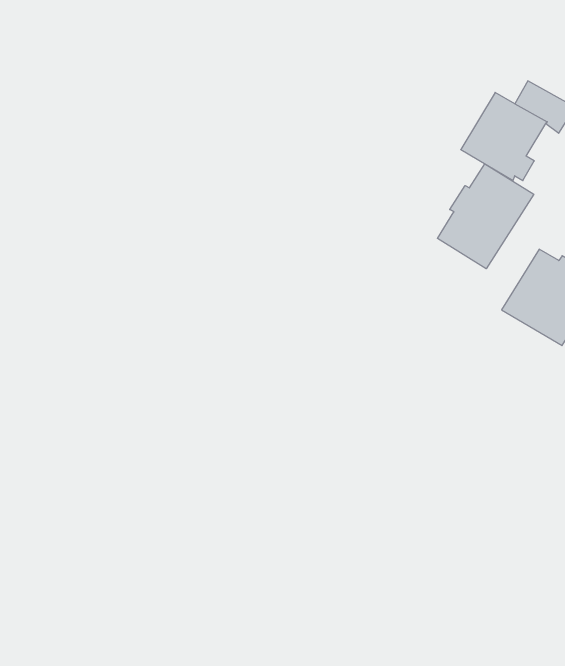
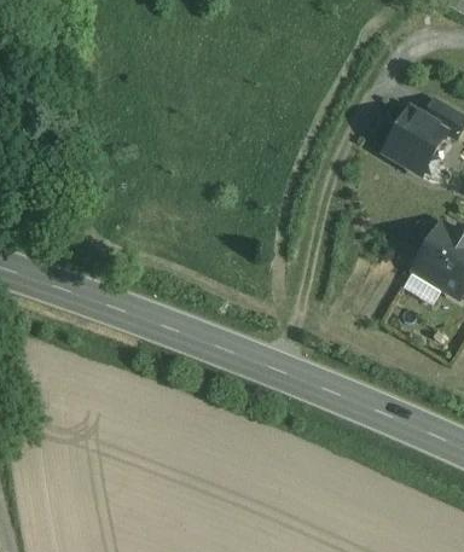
building: [437,164,534,269] -> none

